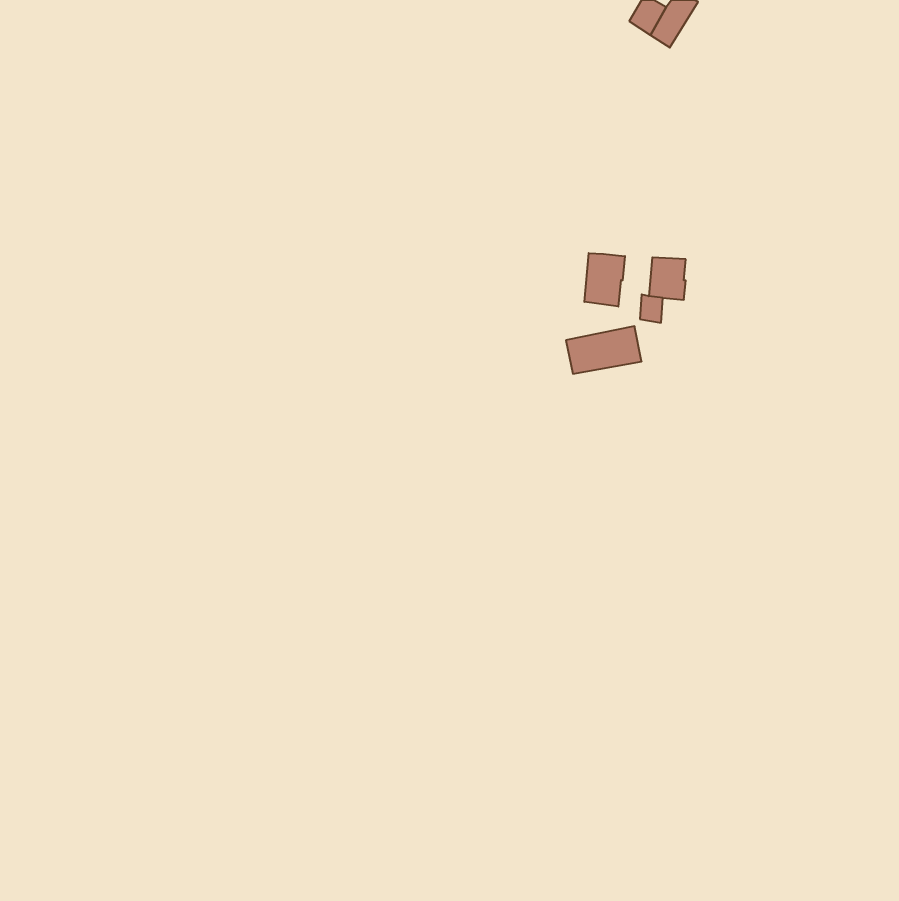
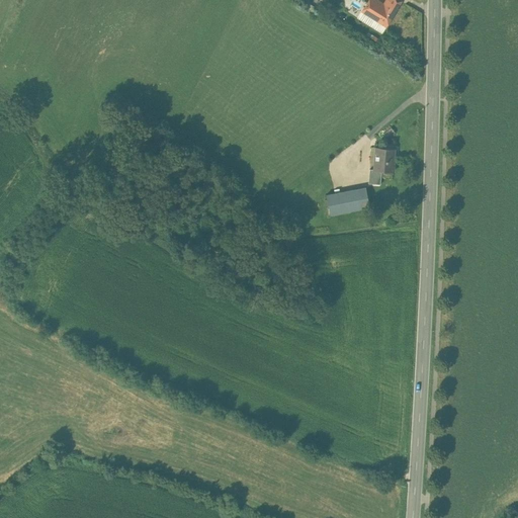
building: [584,253,625,307] -> none

